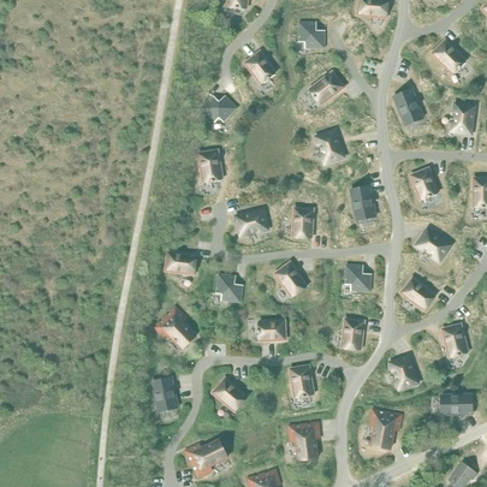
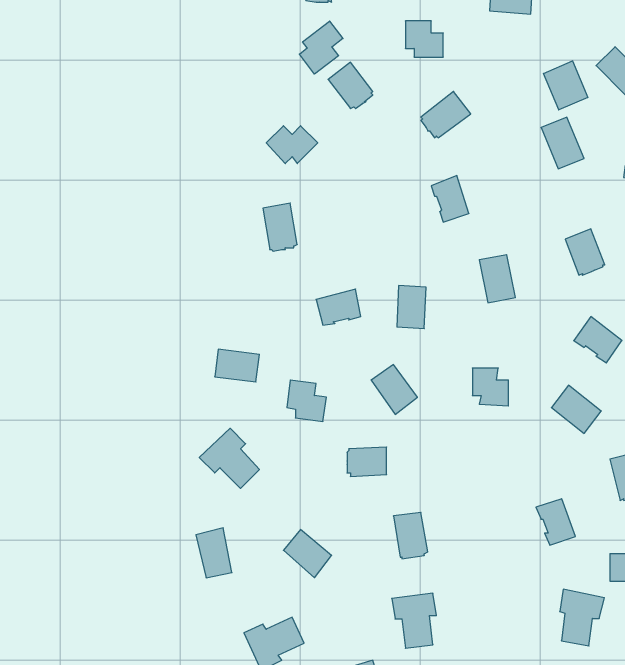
building: none -> [299,21,343,74]
building: none -> [544,61,588,110]
building: [342,317,364,349] -> none
building: [370,409,402,449] -> [560,589,604,646]

